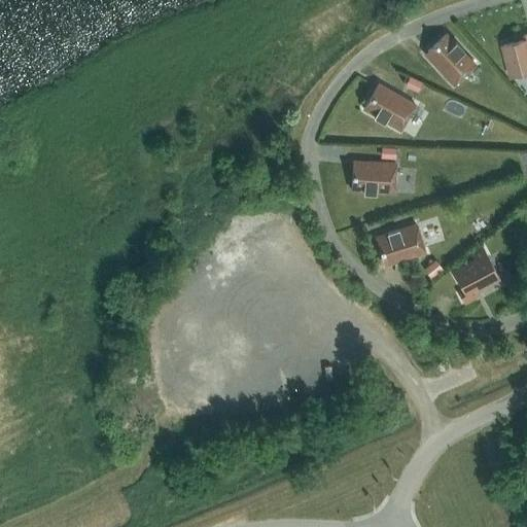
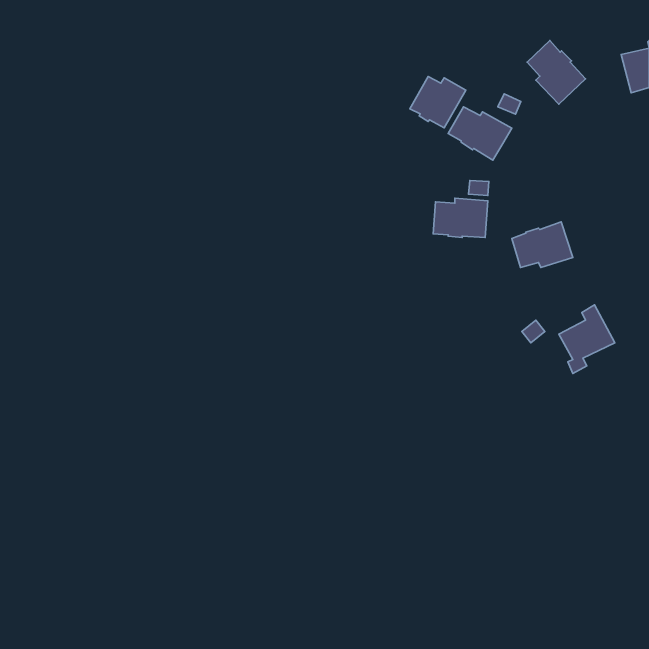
building: none -> [410,77,466,128]
building: [376,223,425,260] -> [512,222,573,268]

